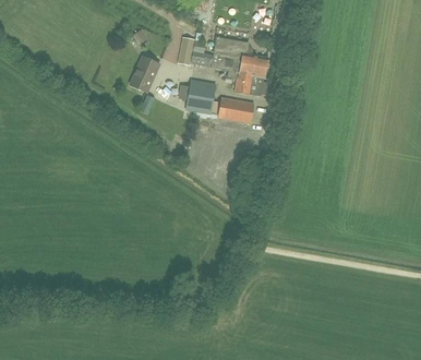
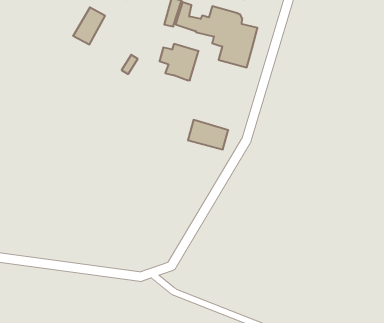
building: [130,56,158,91] -> [73,7,105,44]
building: [217,96,254,121] -> [188,120,228,149]

